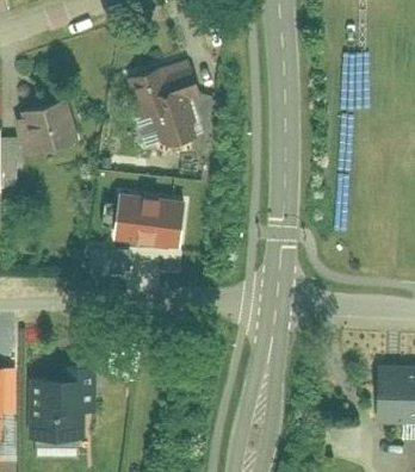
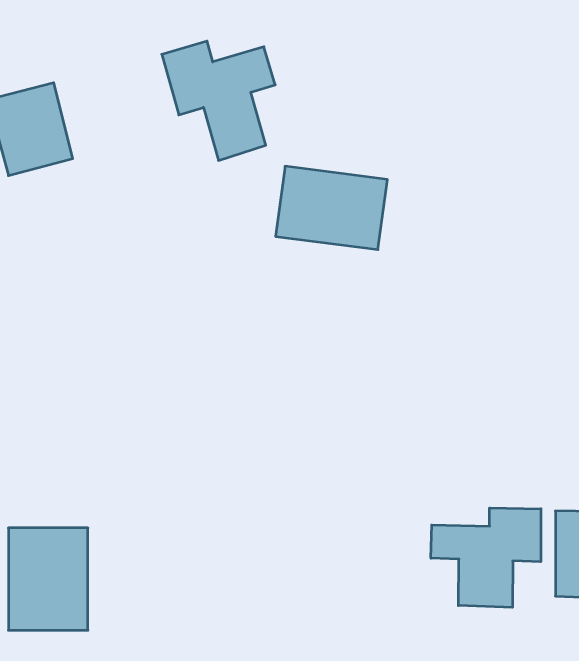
building: [114,191,185,243] -> [276,166,387,250]
building: none -> [431,508,541,607]

